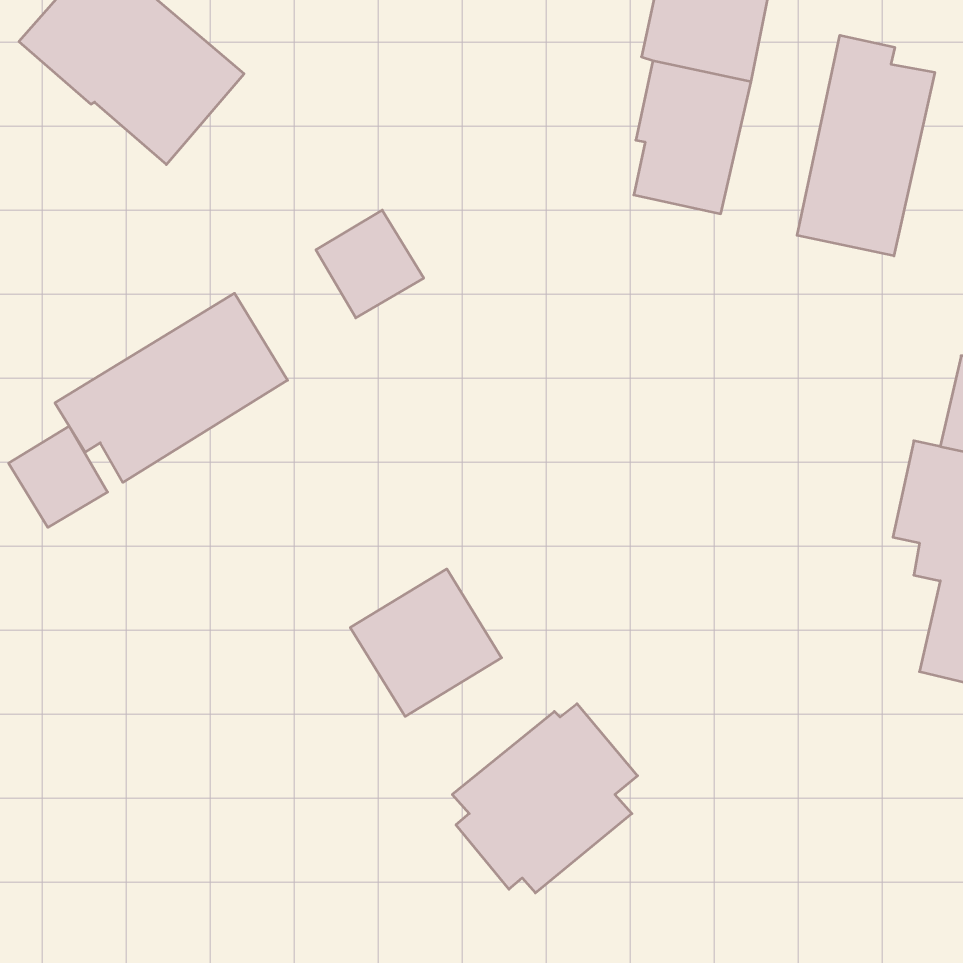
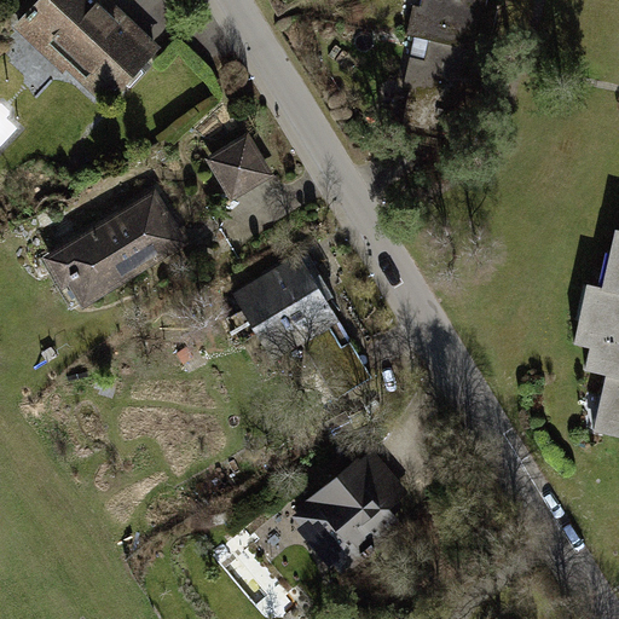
building: [797,35,935,256] -> none
building: [9,426,108,527] -> none
building: [350,569,502,716] -> [232,254,329,348]

